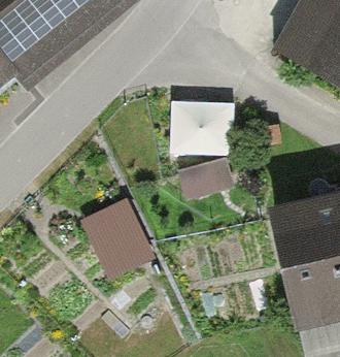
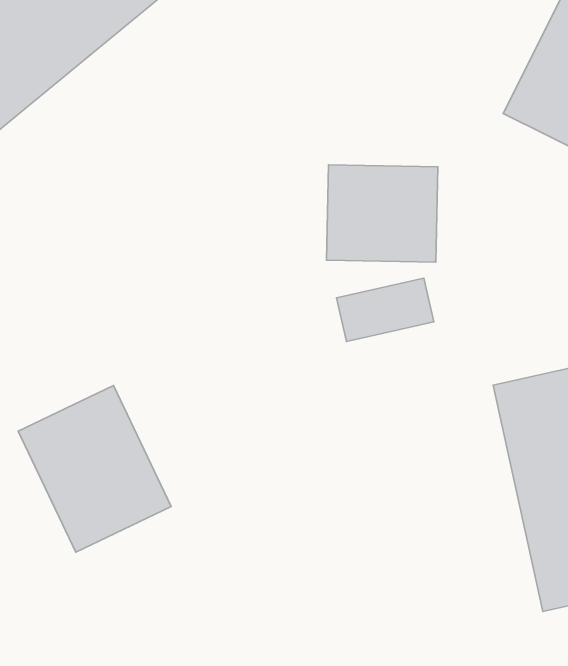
building: [84,189,164,275] -> [18,385,171,552]

